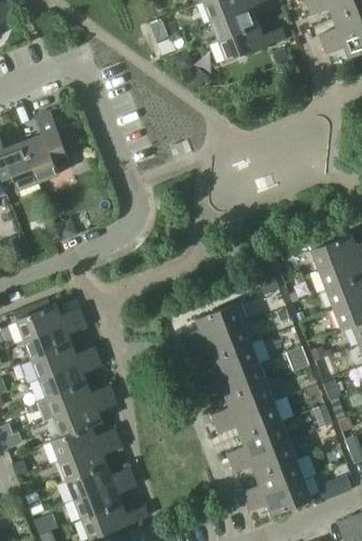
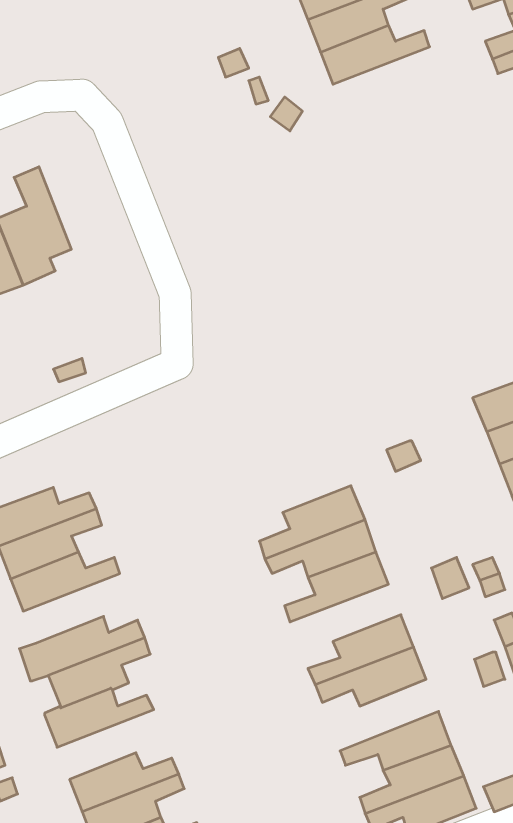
building: [39,356,102,398] -> none
building: [201,362,268,397] -> none
building: [227,420,290,463] -> none
building: [60,438,121,480] -> none

